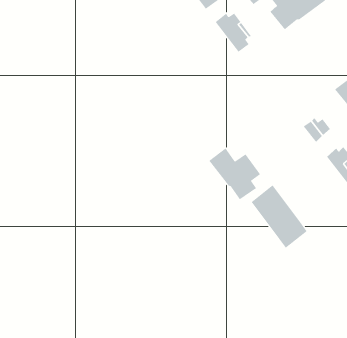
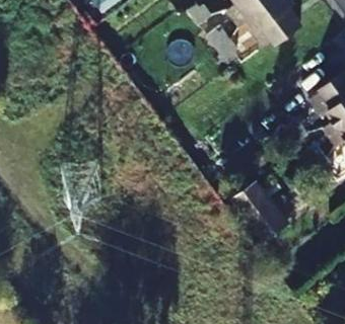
building: [208,148,261,200] -> none

